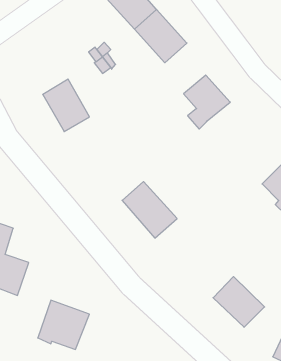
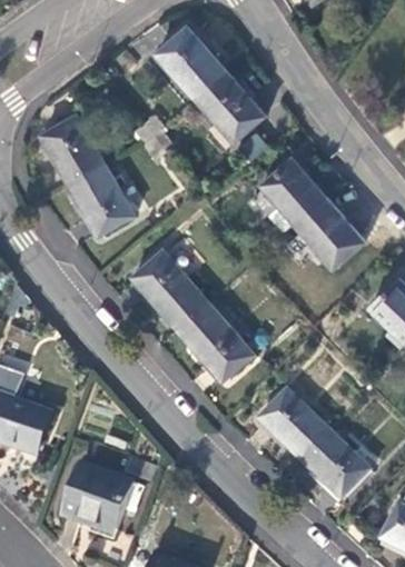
building: none -> [39,115,103,185]
building: none -> [293,195,364,268]
building: none -> [131,250,206,328]
building: none -> [258,391,328,460]

